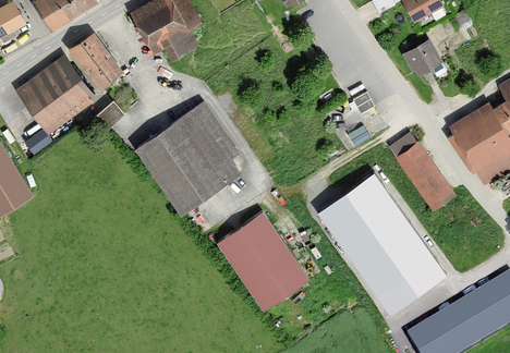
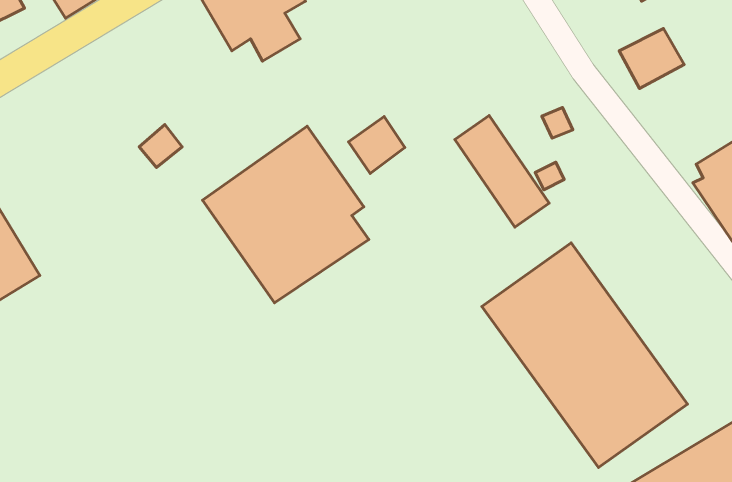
building: [15,31,126,134] -> none
building: none -> [348,117,405,173]
building: [396,142,456,212] -> [455,116,549,227]
building: [218,211,309,309] -> none

